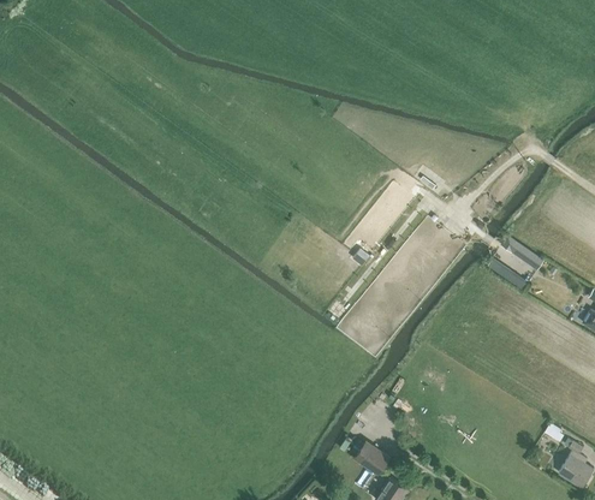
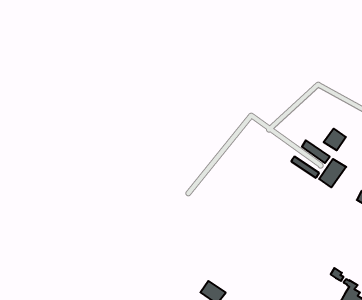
building: none -> [324,129,346,150]
building: none -> [319,159,346,187]

